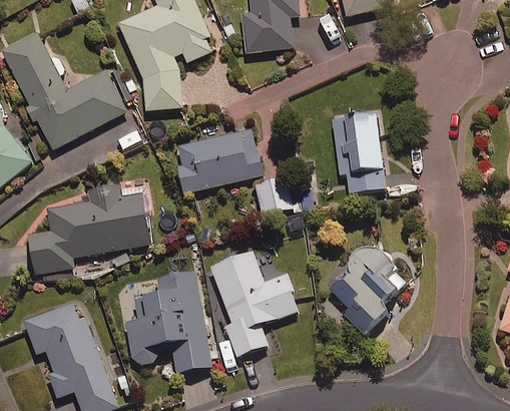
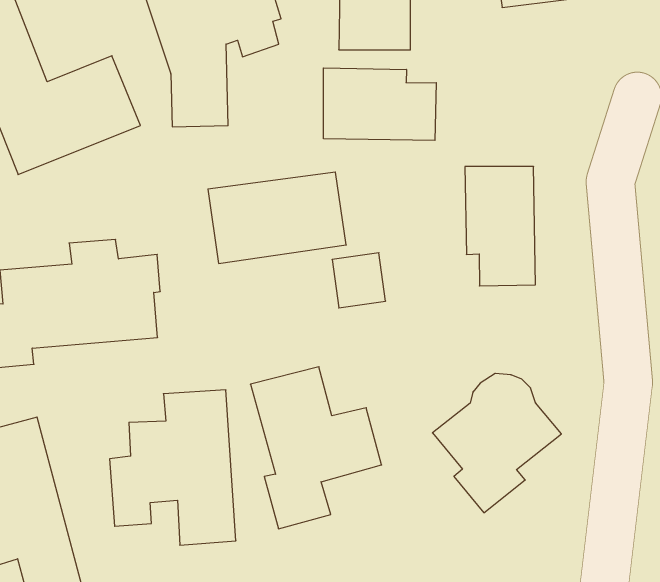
building: none -> [324,68,436,140]

